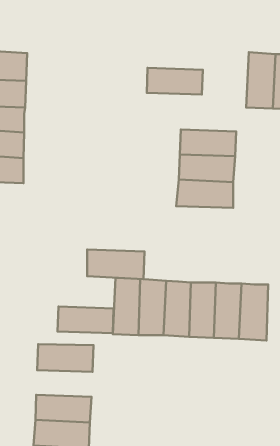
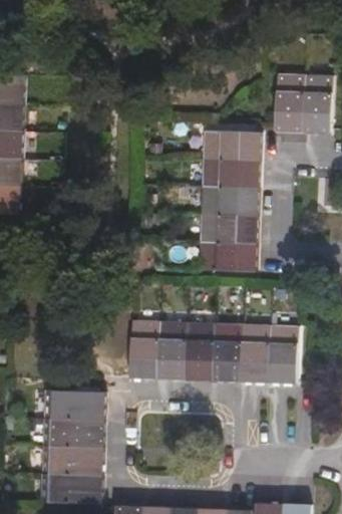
building: [147,68,203,95] -> [203,131,264,160]
building: [87,250,144,279] -> [198,241,260,273]
building: [58,307,114,333] -> [45,420,106,449]

